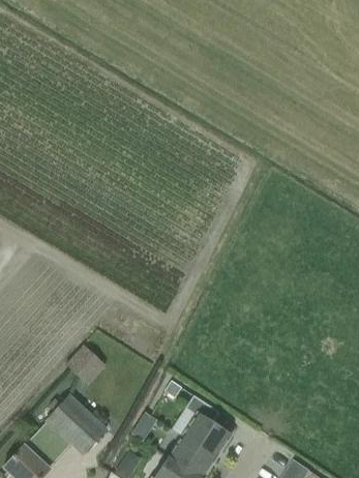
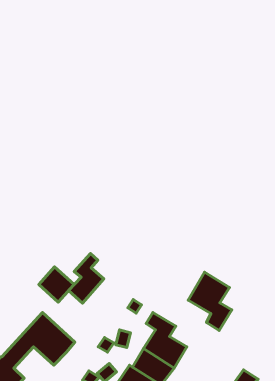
building: none -> [69,253,104,303]
building: none -> [188,272,232,331]

